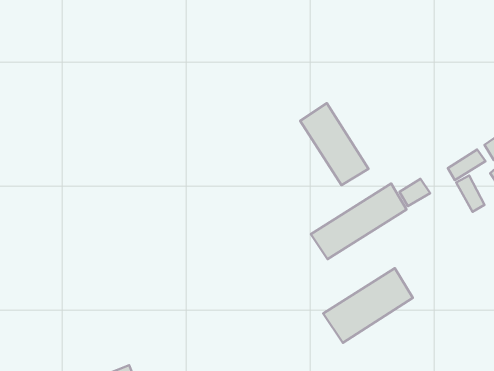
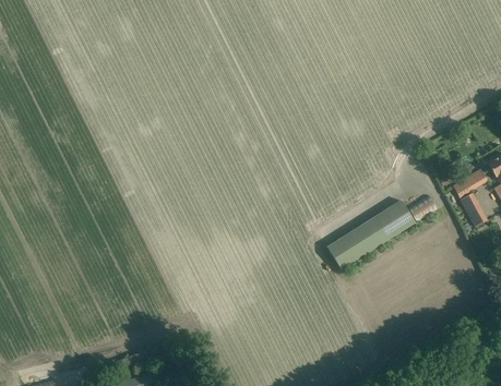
building: [300,103,368,185] -> none
building: [323,268,413,343] -> none

